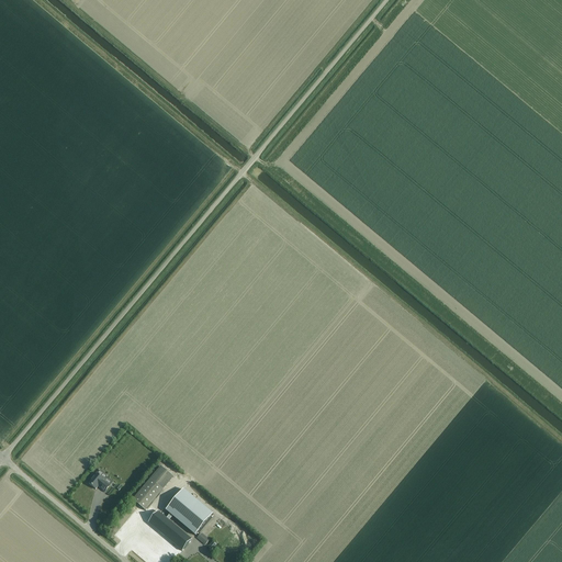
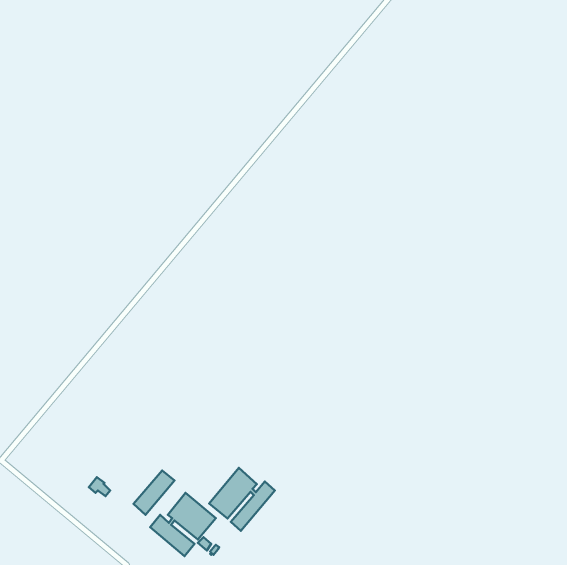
building: none -> [209,468,275,531]

